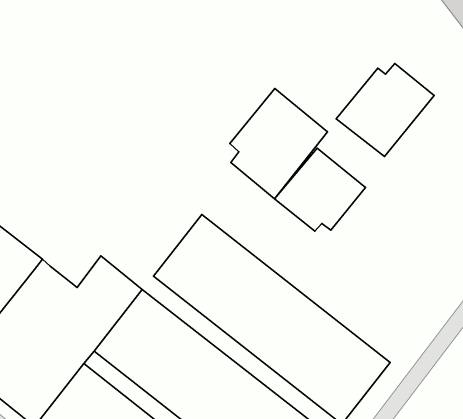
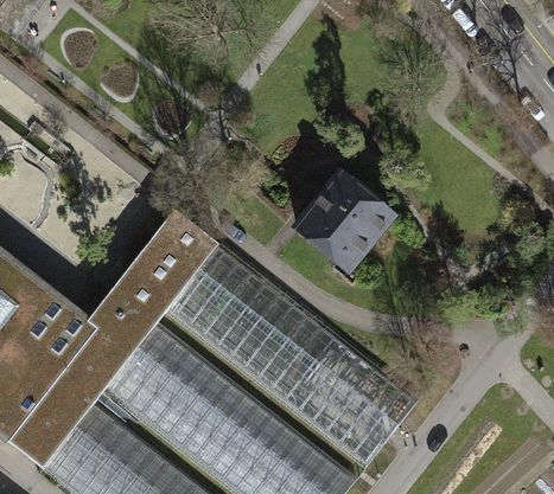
building: [336,63,434,156] -> none
building: [230,89,328,199] -> none
building: none -> [112,210,218,323]

